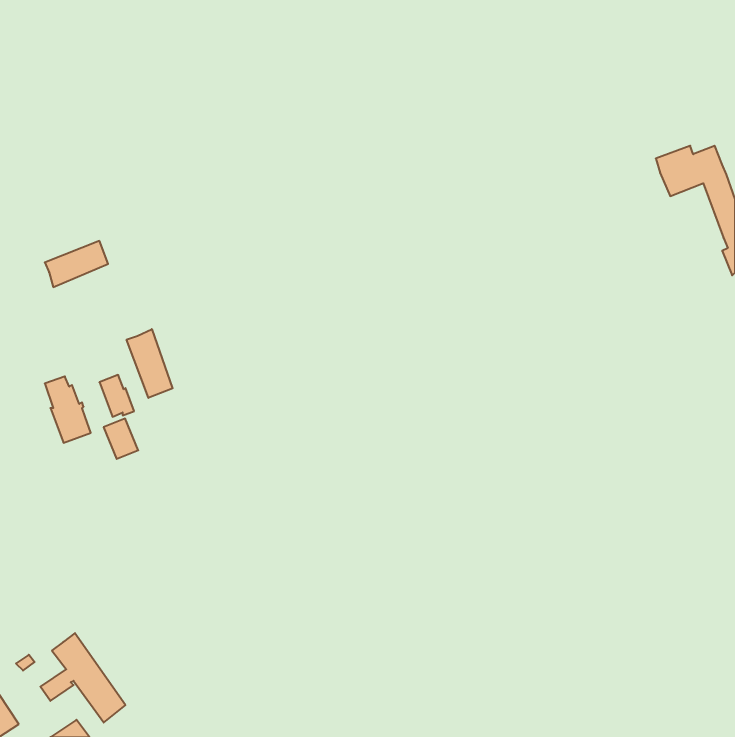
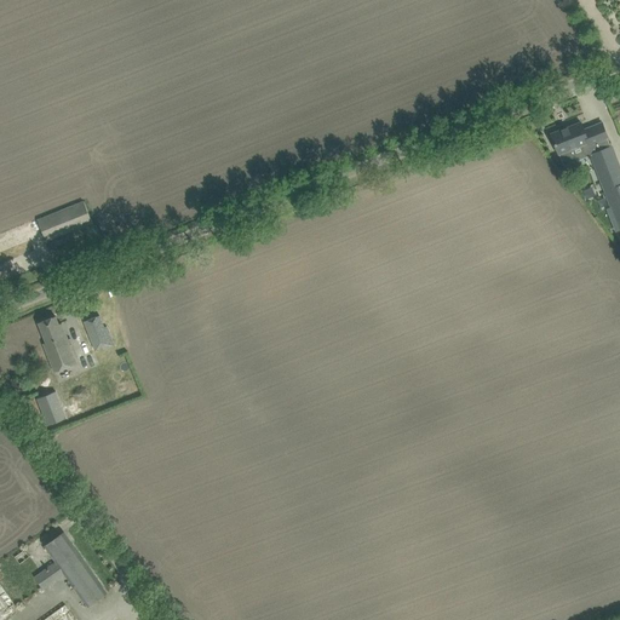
building: [127,329,173,398] -> none
building: [104,419,138,459] -> [36,391,65,425]

